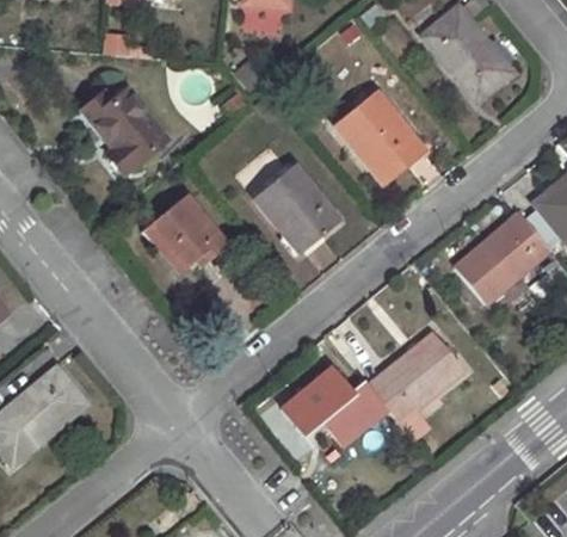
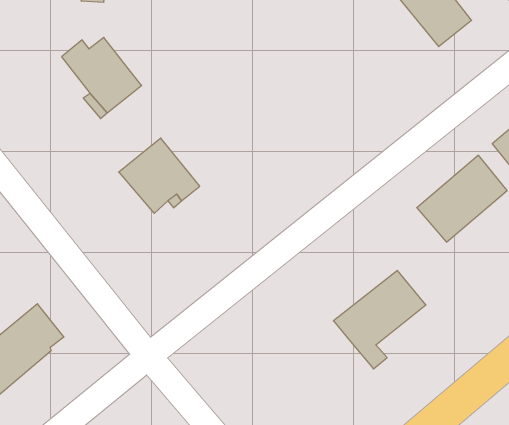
building: [334,90,425,185] -> none
building: [254,165,339,253] -> none
building: [282,366,384,443] -> none

